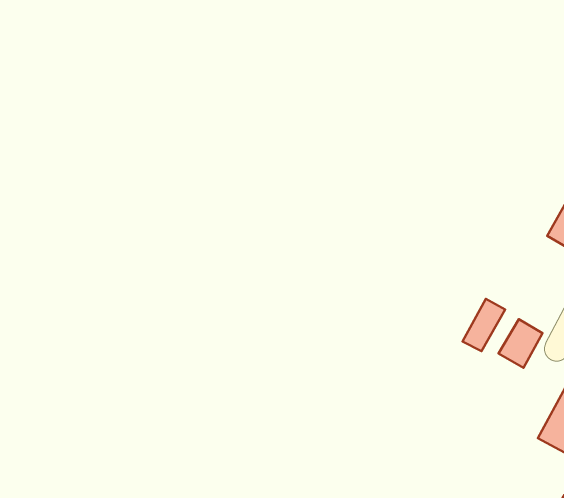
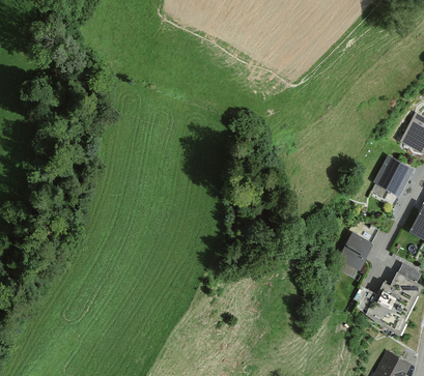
building: [463,299,505,351] -> none

